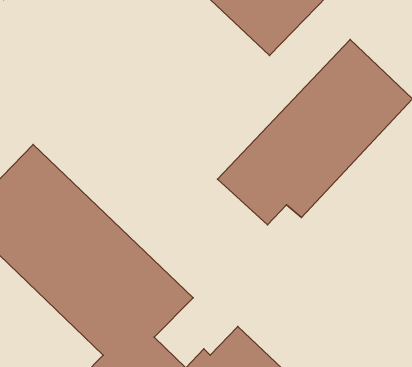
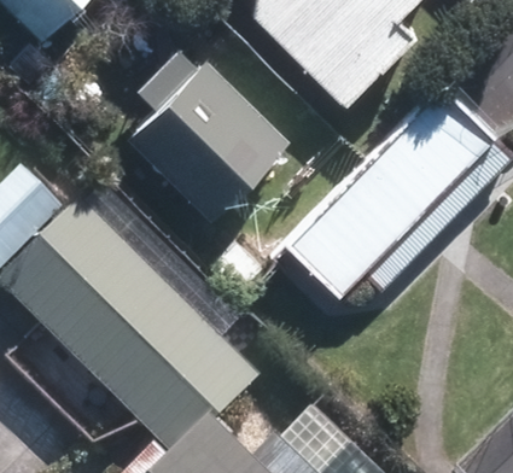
building: none -> [130,47,292,220]

